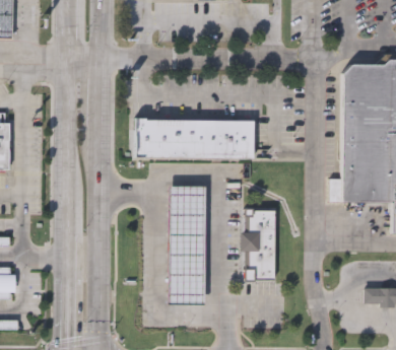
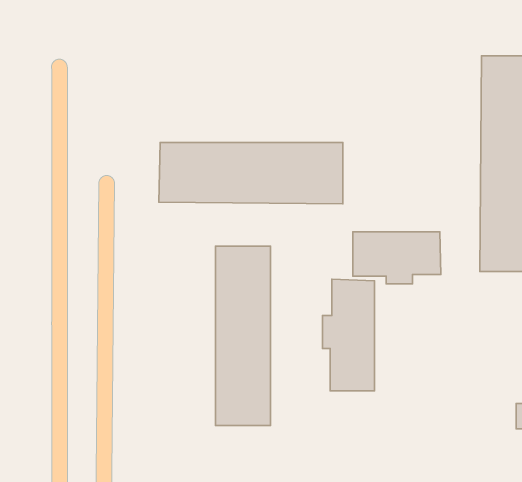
building: none -> [353,232,441,284]

